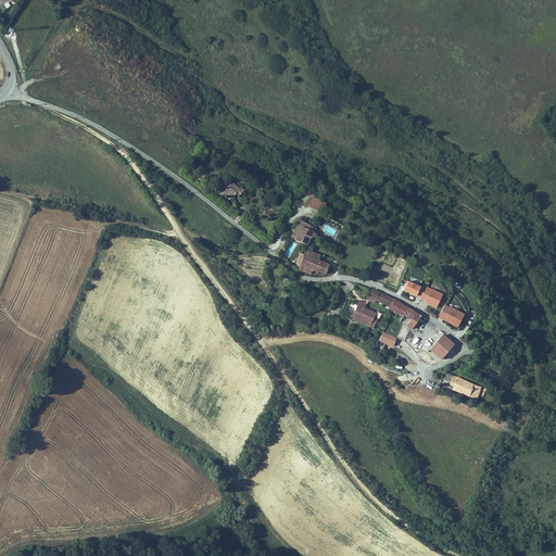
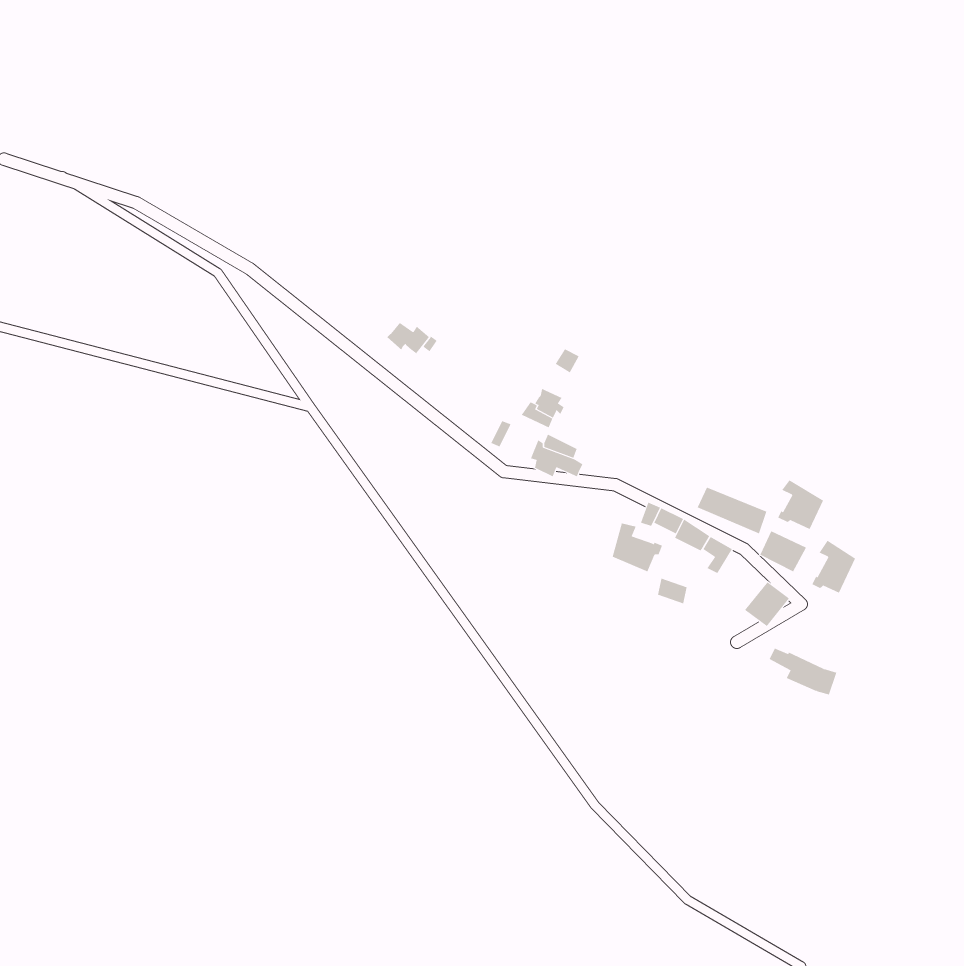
building: none -> [777,480,824,530]
building: none -> [812,540,856,594]

